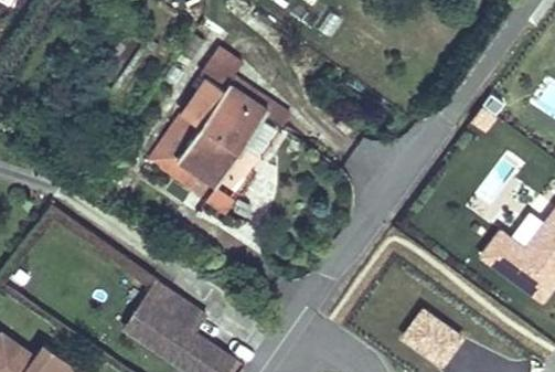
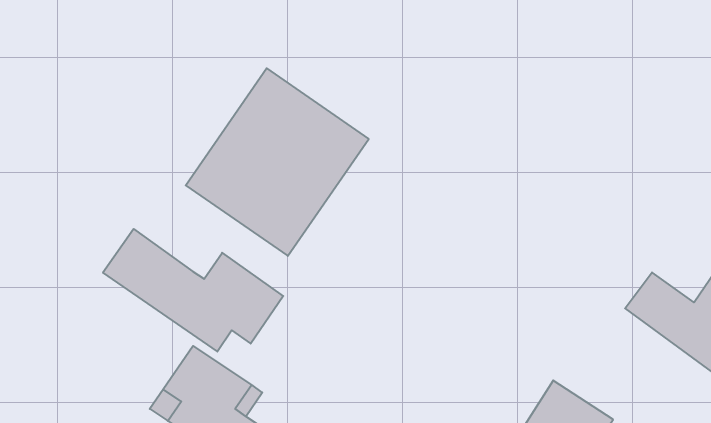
building: [202,45,292,128] -> none
building: none -> [103,229,283,352]

